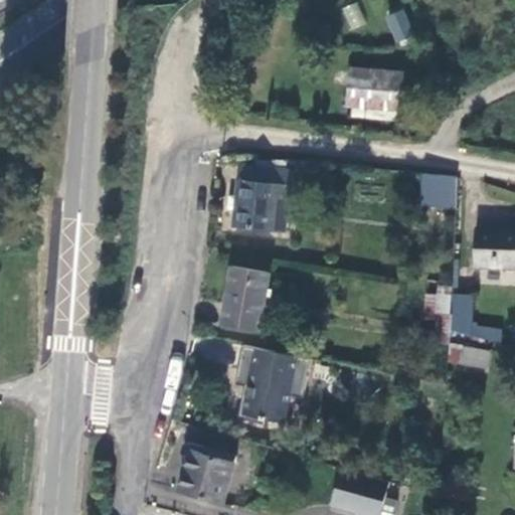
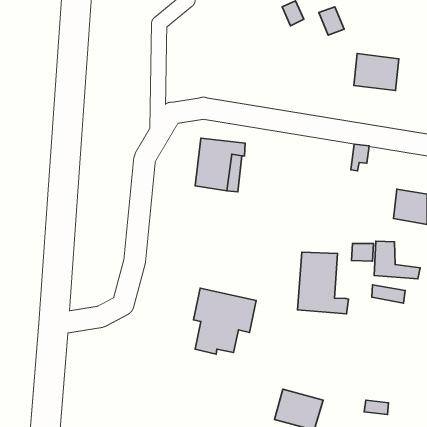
building: [346,70,400,115] -> [354,54,399,90]
building: [221,269,270,332] -> none
building: none -> [297,252,348,314]
building: [177,448,236,503] -> none

